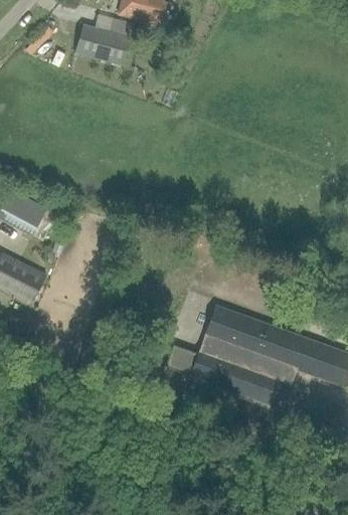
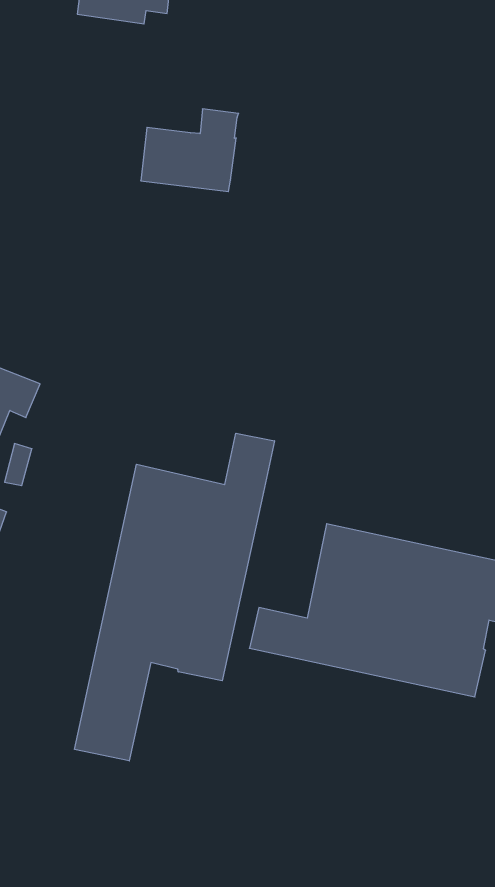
building: [75,18,133,64] -> [141,109,239,192]
building: none -> [75,433,274,761]

